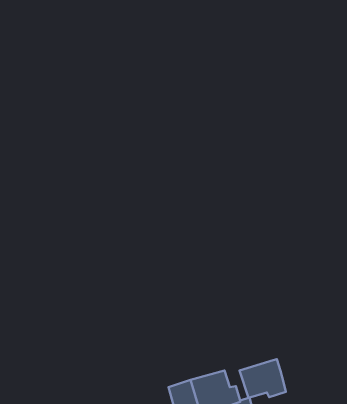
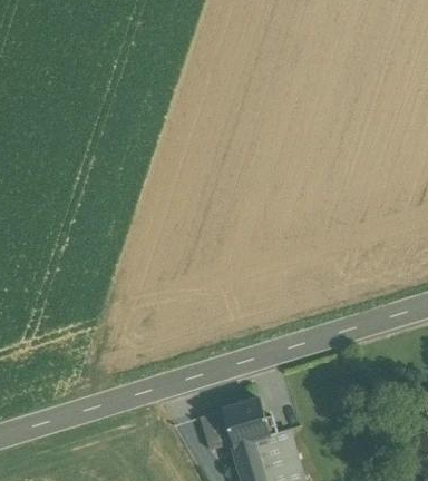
building: [239,359,286,398] -> none

